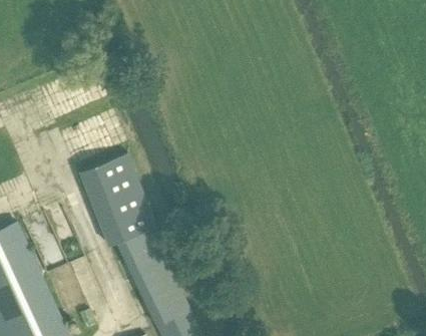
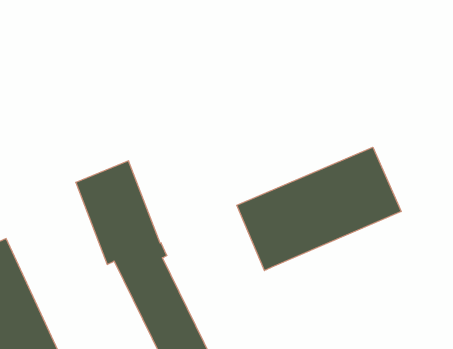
building: none -> [237,147,401,271]

